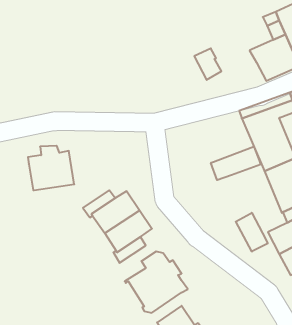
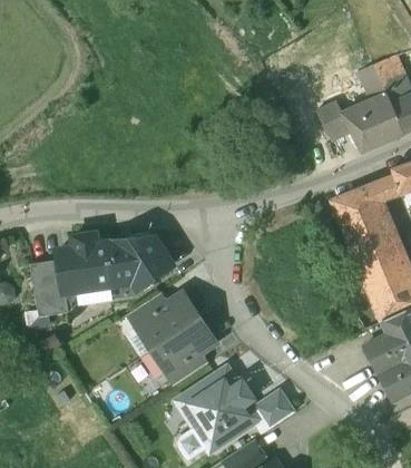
building: [194,48,221,80] -> [315,100,350,140]
building: none -> [110,235,172,287]
building: [211,147,261,180] -> none
building: none -> [30,259,69,316]
building: [236,213,268,252] -> none
building: none -> [254,390,295,433]

